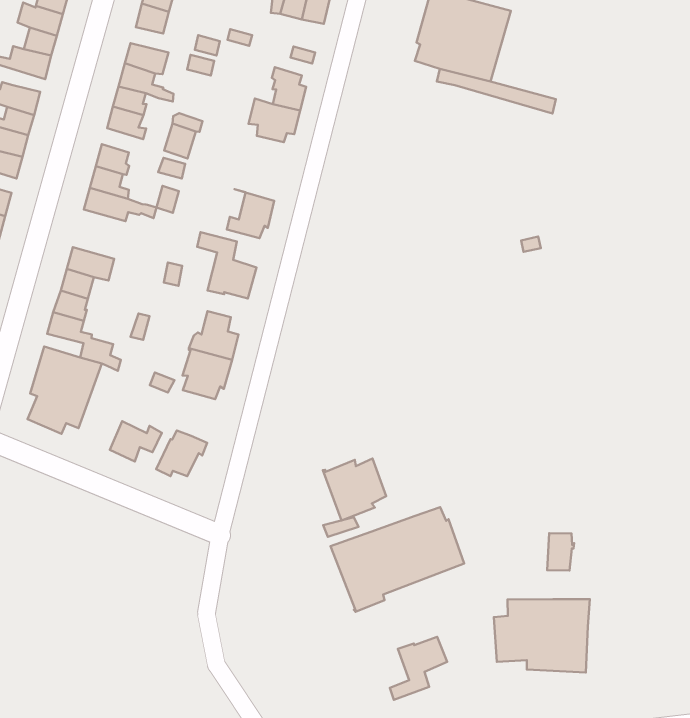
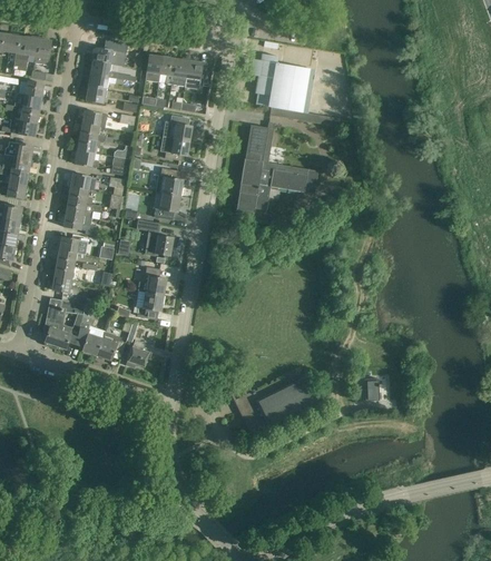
building: none -> [236,125,317,213]
building: none -> [155,167,183,196]
building: none -> [62,213,97,235]
building: none -> [76,322,105,355]
building: [323,459,386,520] -> none
building: [494,599,590,672] -> none
building: [390,637,447,700] -> none

